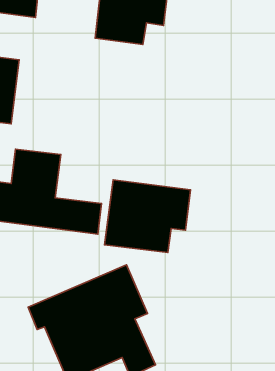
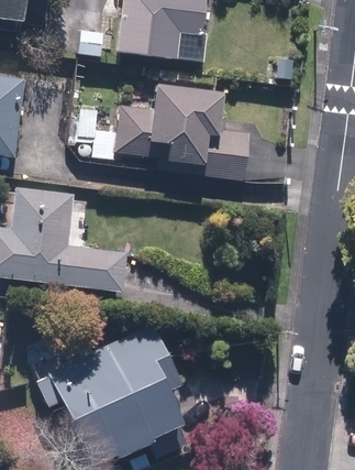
building: none -> [115,87,249,182]
building: [104,180,191,253] -> none

